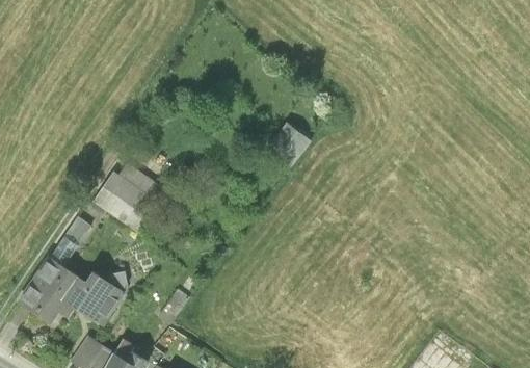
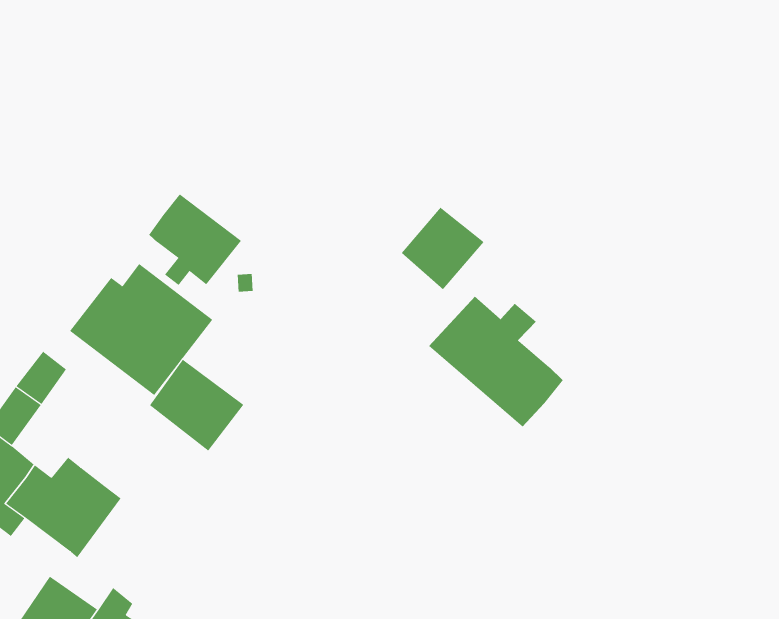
building: none -> [148,193,242,286]
building: none -> [428,296,563,427]
building: none -> [149,359,244,452]

